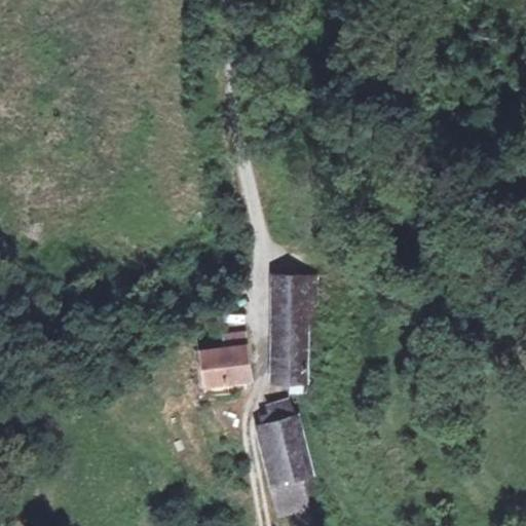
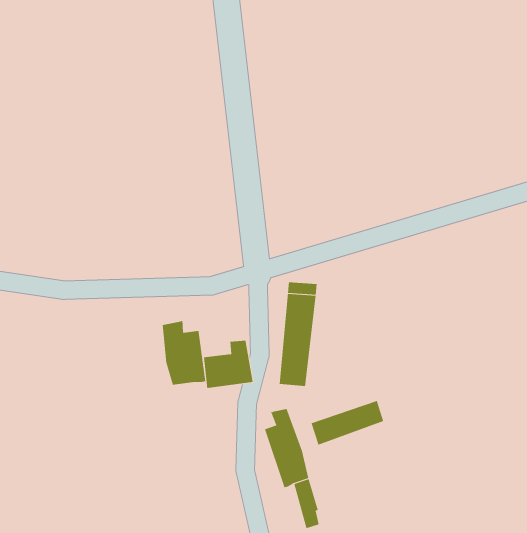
building: none -> [162,320,206,386]
building: none -> [311,400,384,445]

